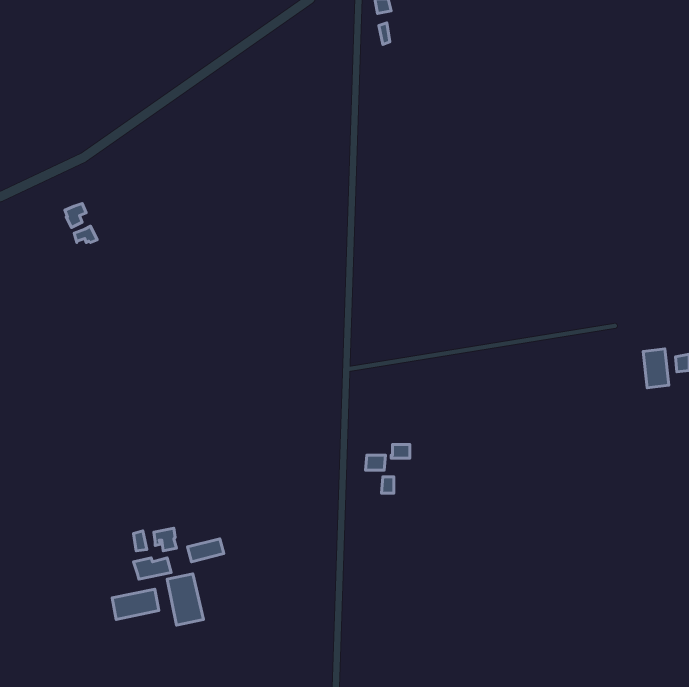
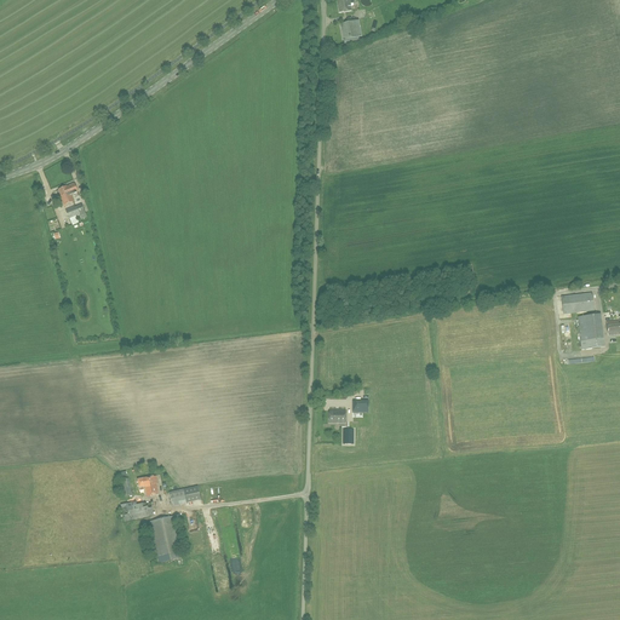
building: none -> [562,292,593,314]
building: [112,589,159,619] -> none

